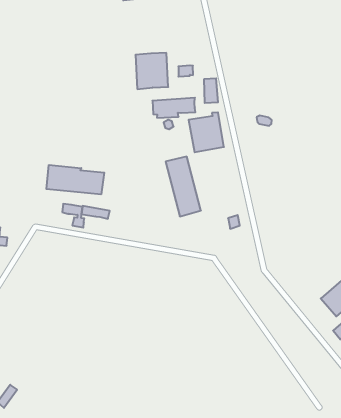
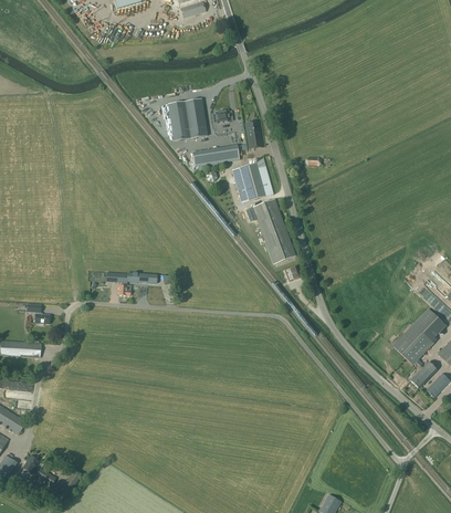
building: [166,157,201,216] -> [251,199,294,264]
building: [46,165,104,194] -> none

